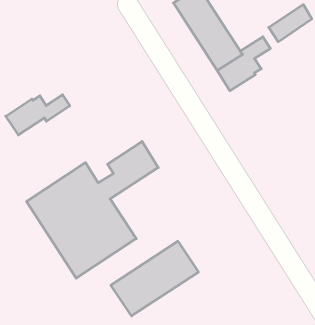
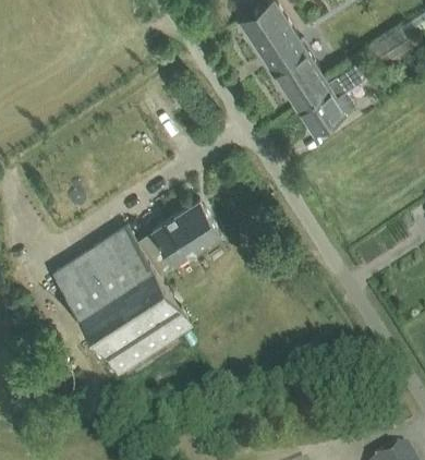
building: [6,95,70,135] -> none
building: [111,241,198,316] -> none

